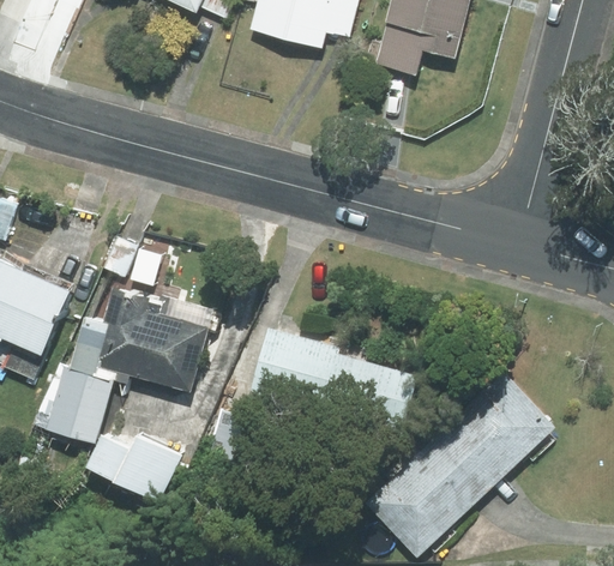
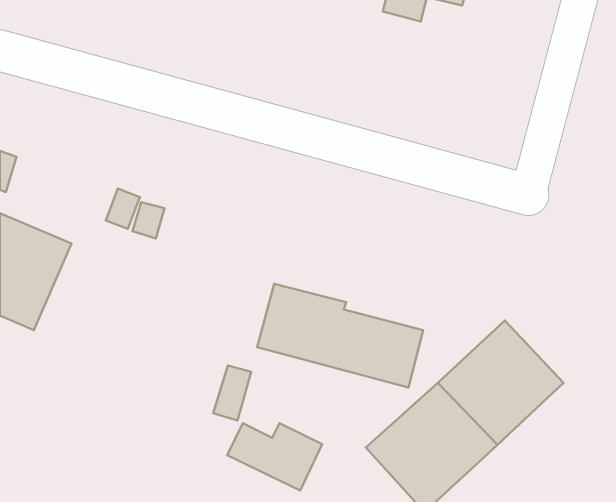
building: [46,287,217,440] -> none
building: [86,435,180,501] -> [227,423,322,490]

